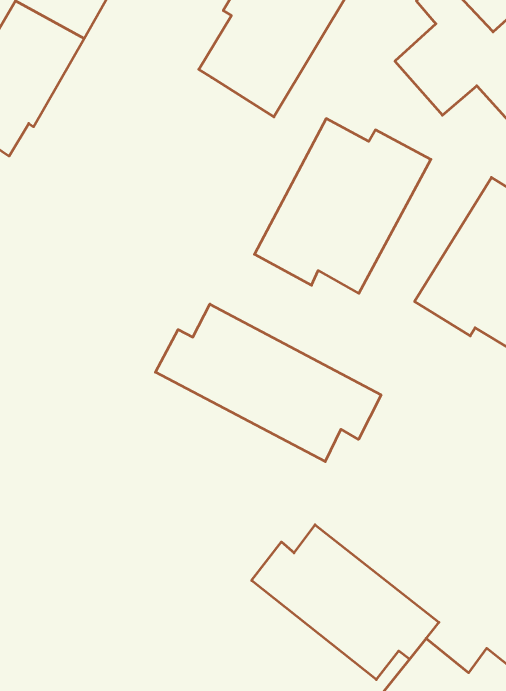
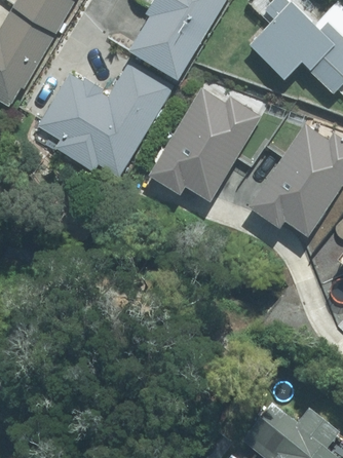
building: none -> [36,55,174,174]
building: [155,304,381,462] -> none
building: [252,525,439,680] -> none

